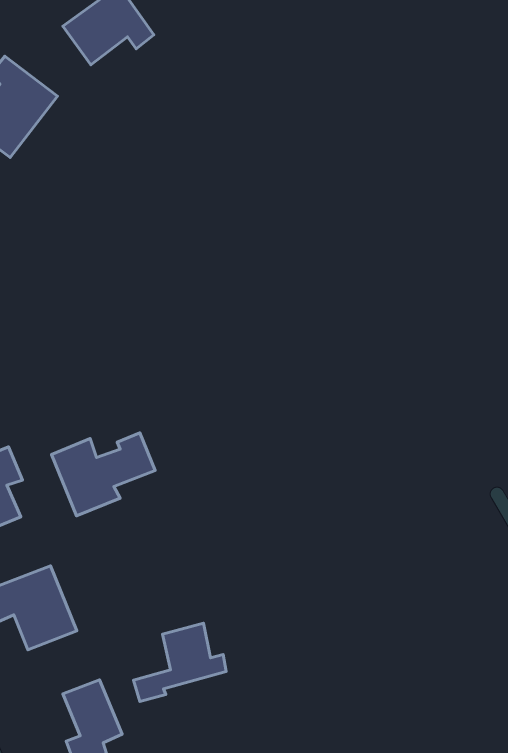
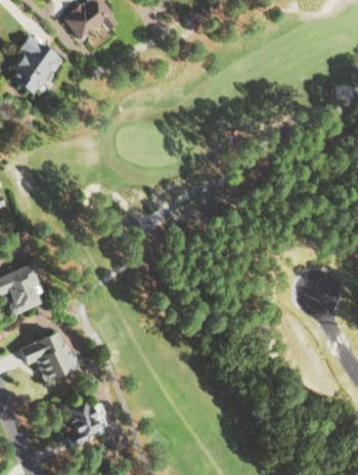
building: [52,433,155,516] -> none
building: [134,623,226,701] -> none

